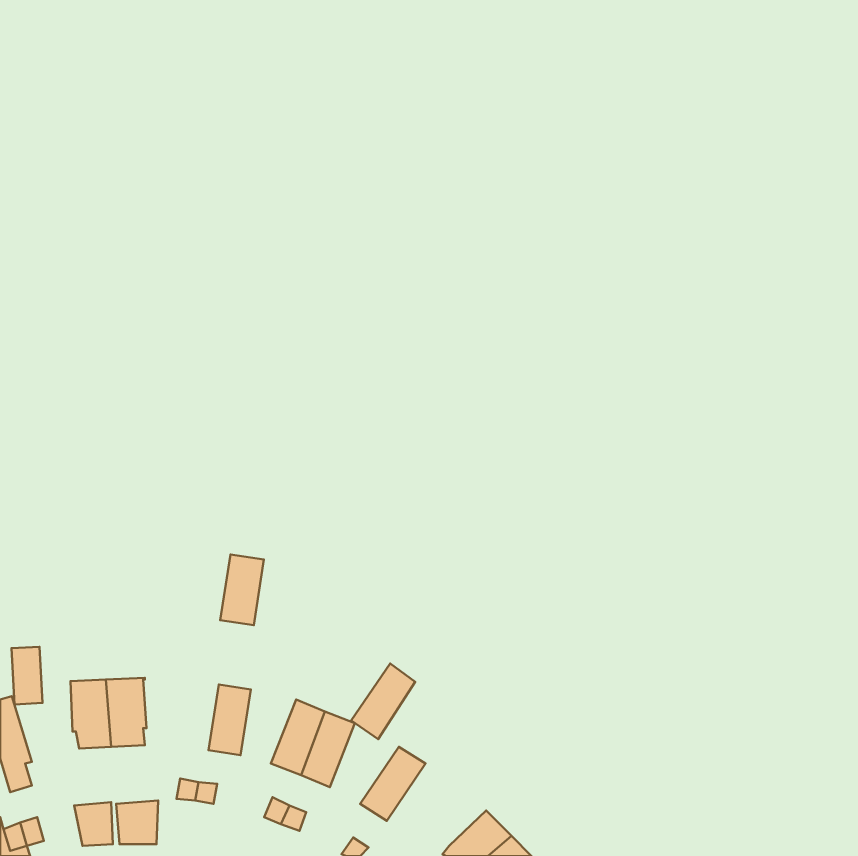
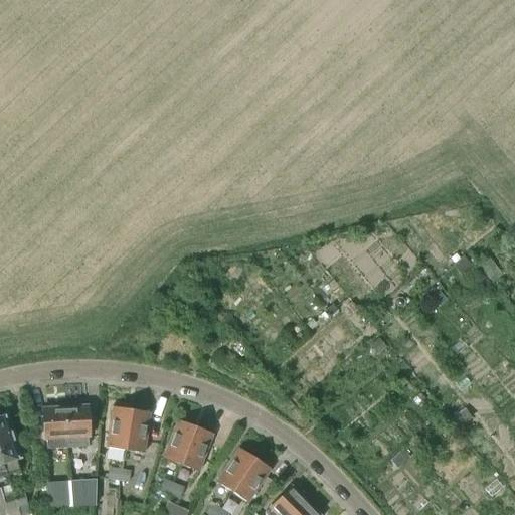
building: [220,554,264,625] -> [106,406,132,449]
building: [11,647,43,705] -> none
building: [351,663,415,739] -> [232,457,271,502]

